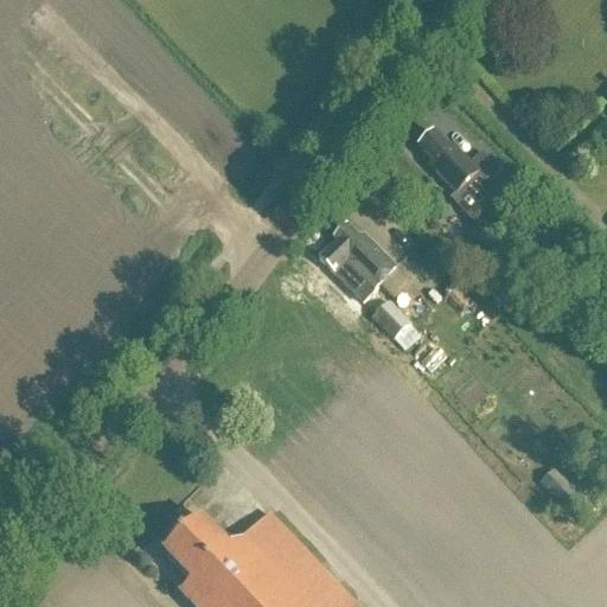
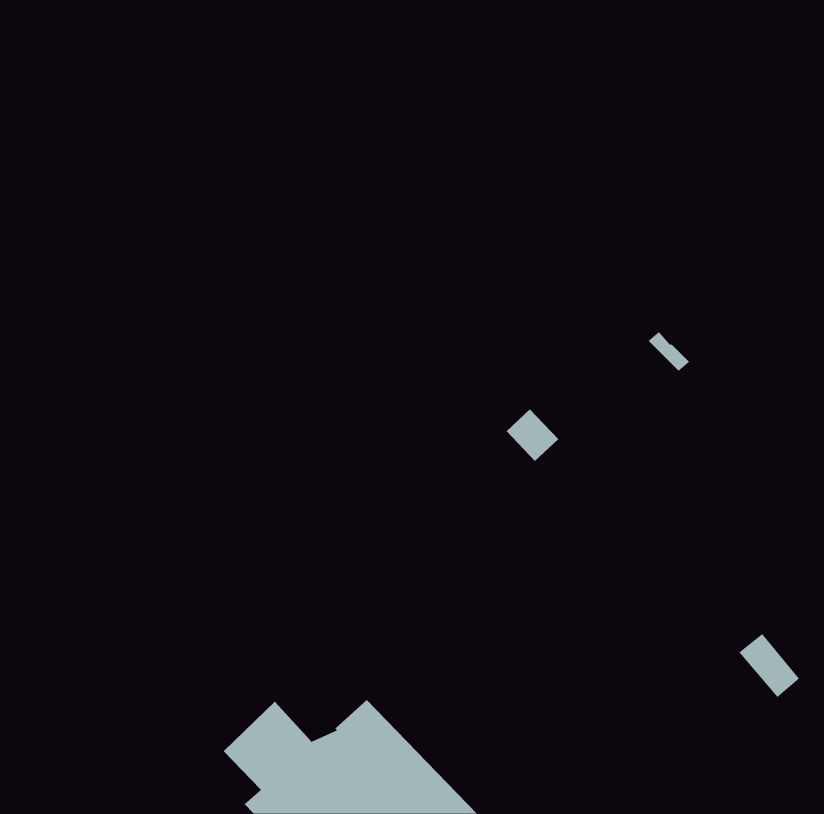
building: [417,130,500,204] -> none
building: [319,224,396,301] -> none

